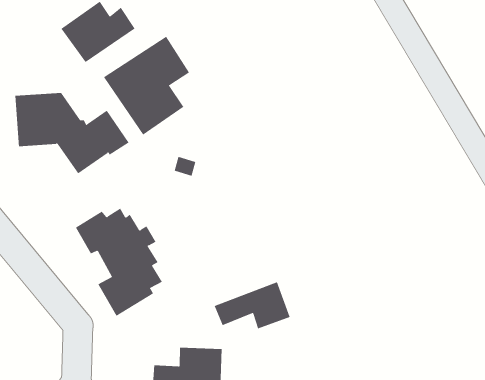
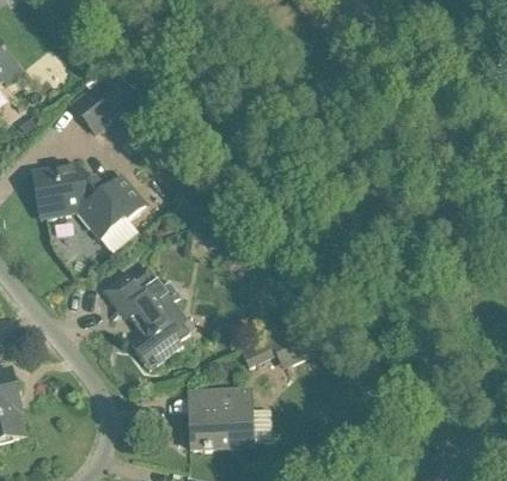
building: [103,36,190,135] -> none

